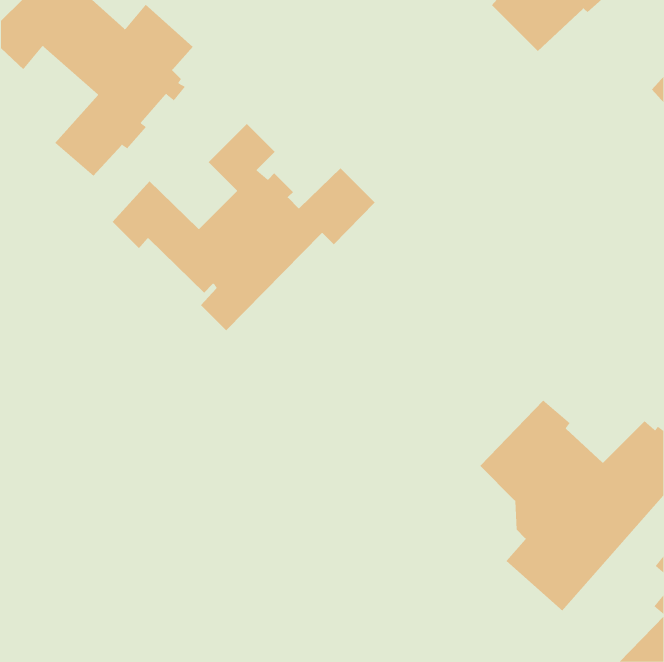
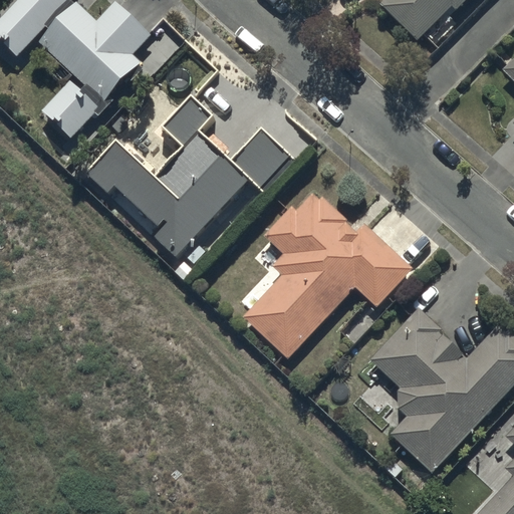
building: none -> [243,192,412,357]

